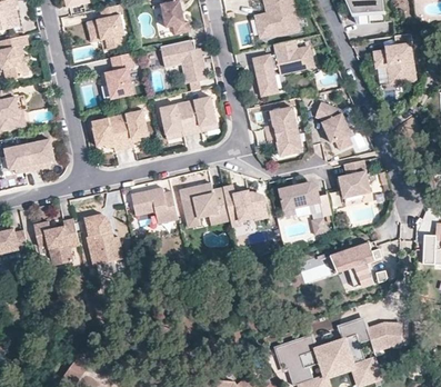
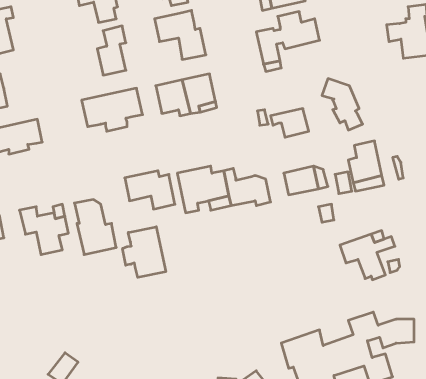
building: [264,107,297,136] -> none
building: none -> [123,227,166,277]

